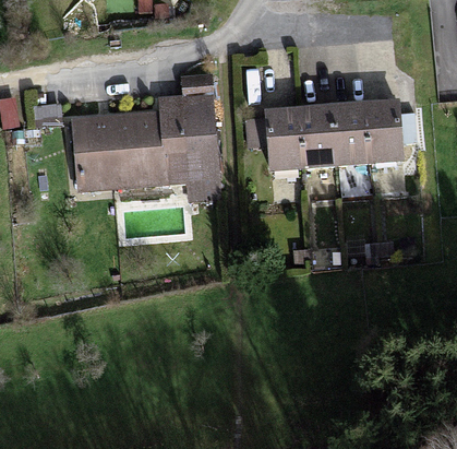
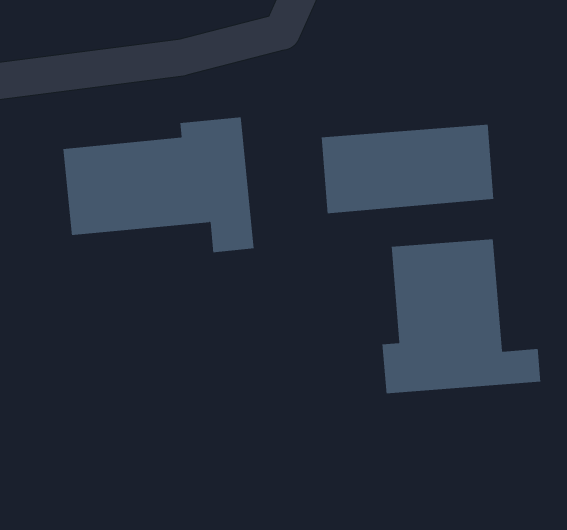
building: none -> [382,238,541,394]

